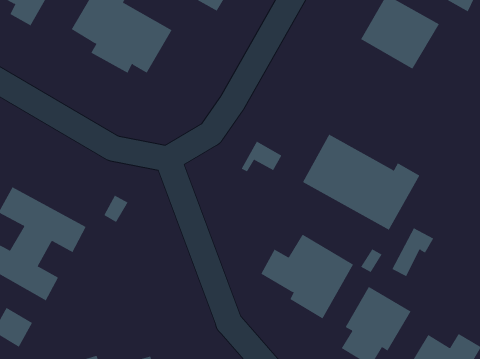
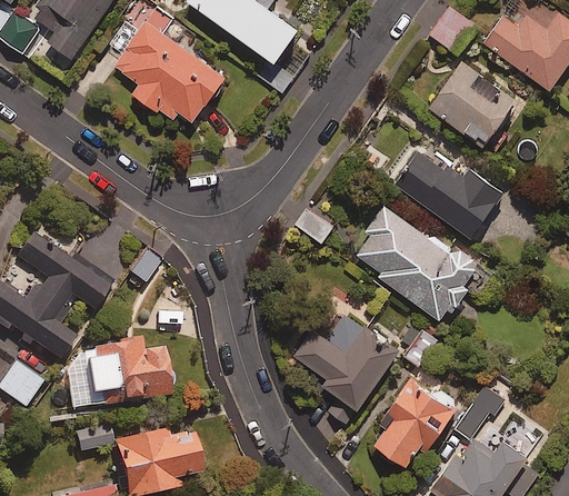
building: none -> [393,147,502,238]
building: [391,227,434,277] -> [453,386,503,439]
building: none -> [67,339,169,410]

